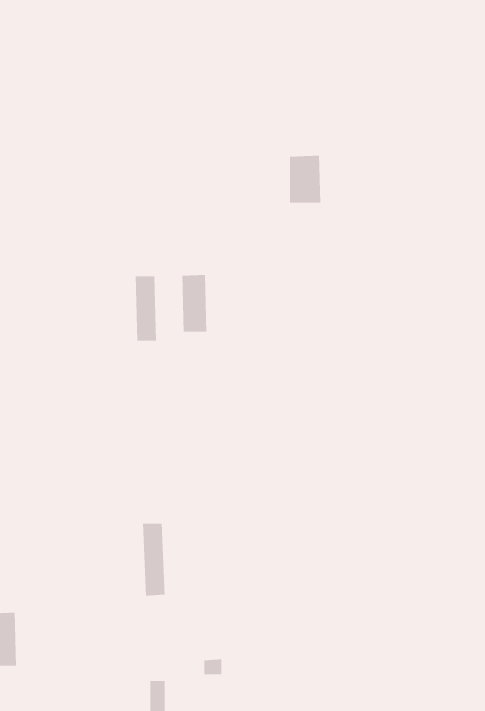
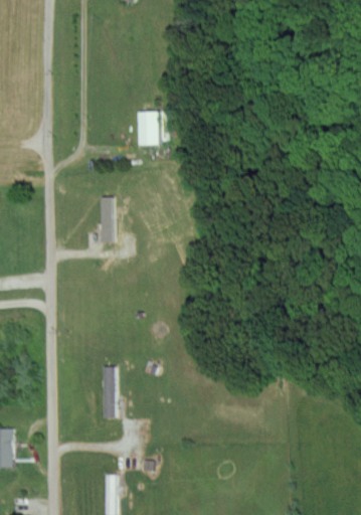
building: [289,155,321,203] -> [137,111,159,144]
building: [182,274,207,333] -> none

